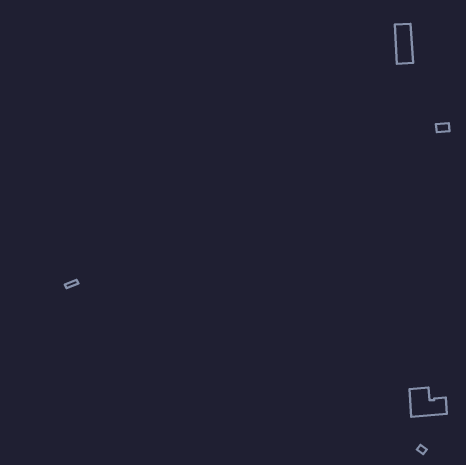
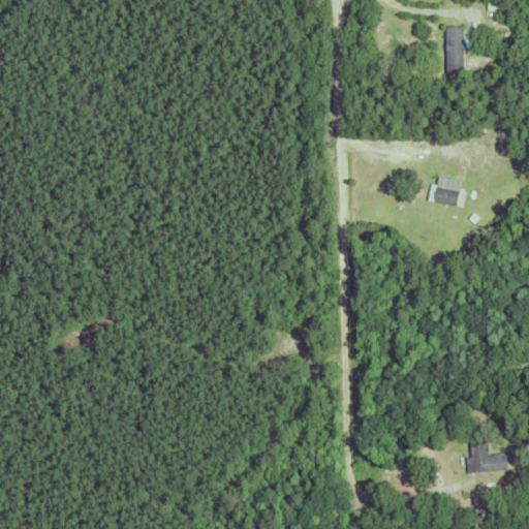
building: none -> [427,176,461,207]

